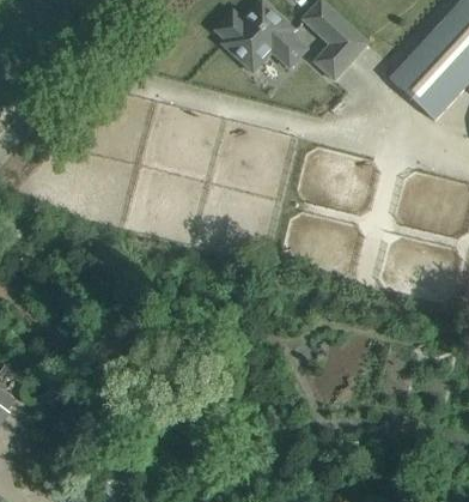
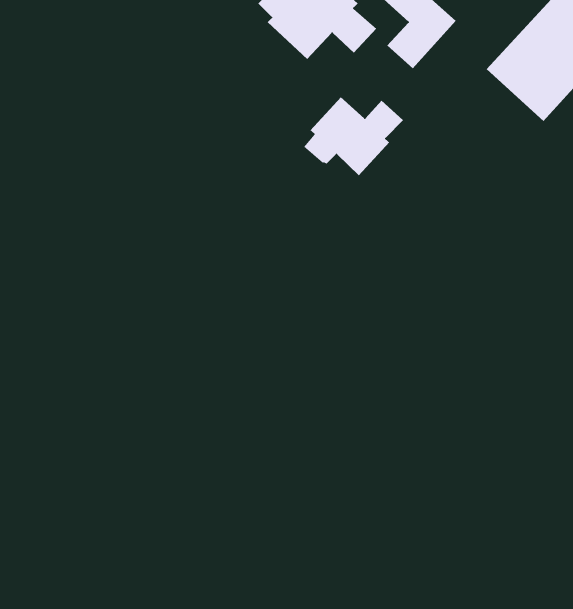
building: none -> [303,96,404,176]

